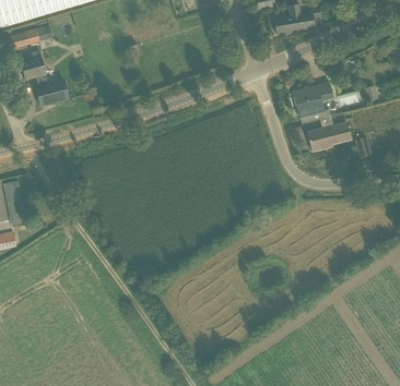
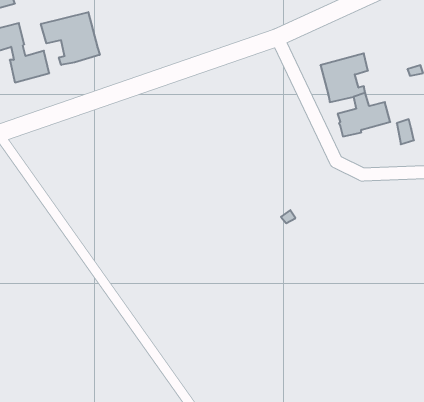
building: none -> [41,12,100,65]

